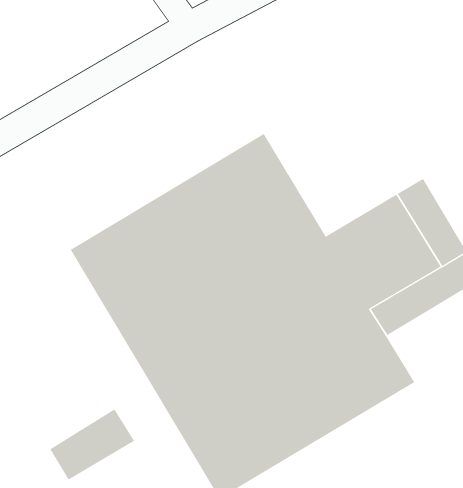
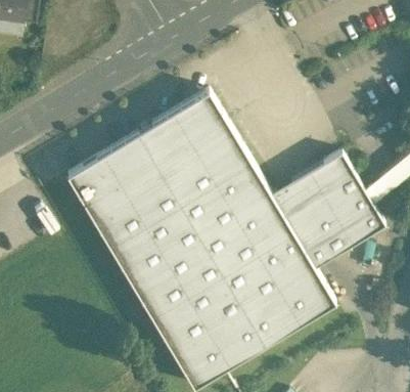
building: none -> [67,92,227,208]
building: [49,409,135,480] -> none

